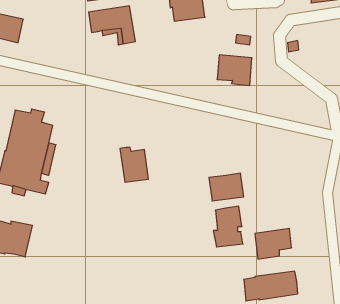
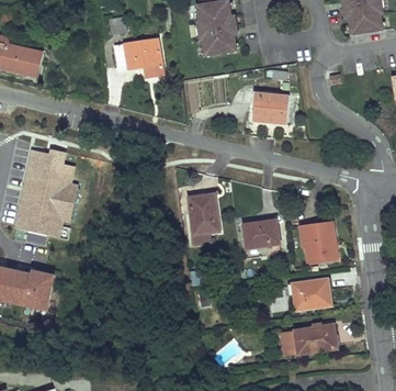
building: [120,148,148,182] -> [188,196,218,233]
building: [213,206,243,247] -> [304,220,336,264]

